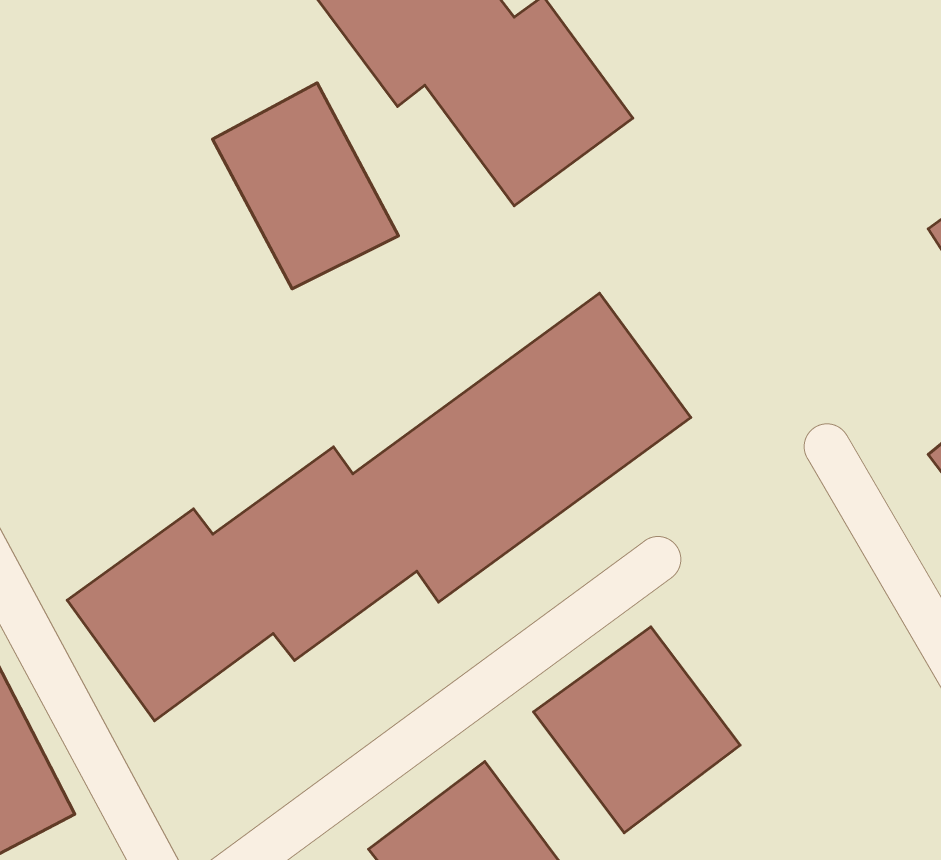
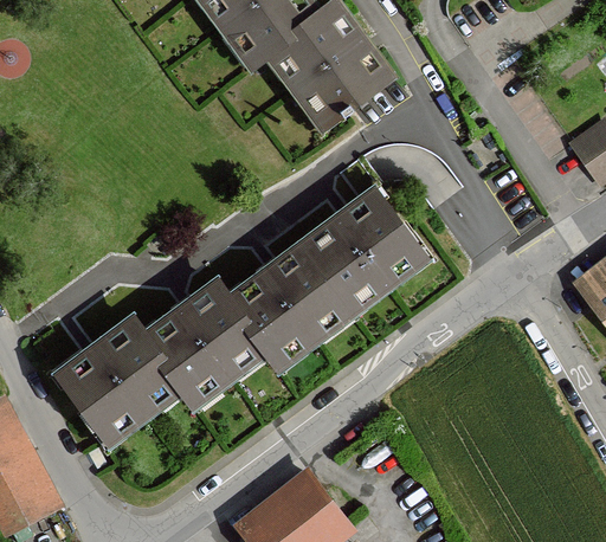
building: [212,83,398,289] -> none
building: [534,627,740,833] -> none

